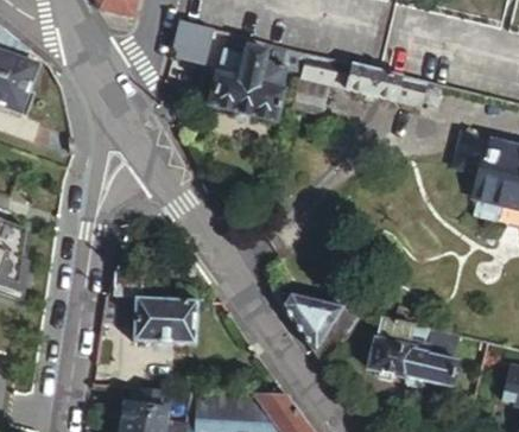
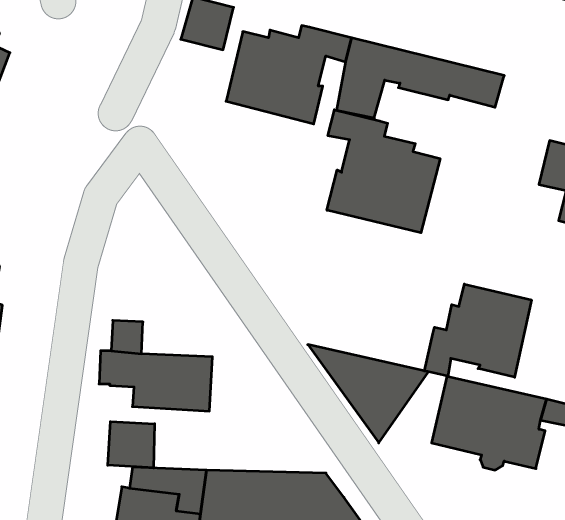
building: none -> [327,110,440,233]
building: none -> [424,284,531,377]
building: none -> [108,422,155,468]

